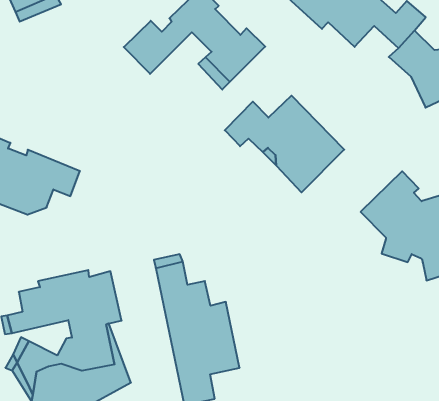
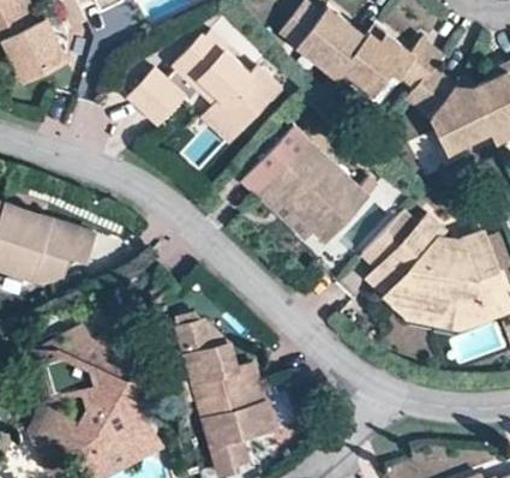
building: none -> [377,261,458,328]

